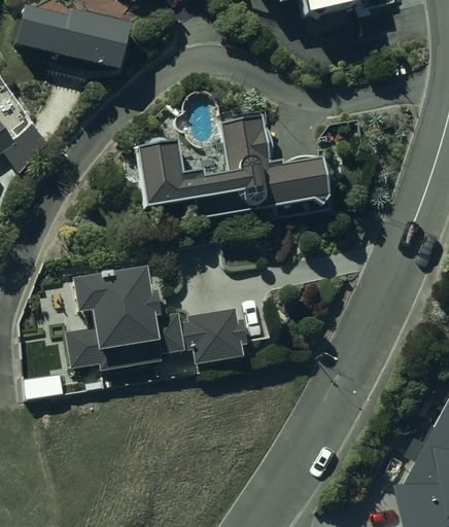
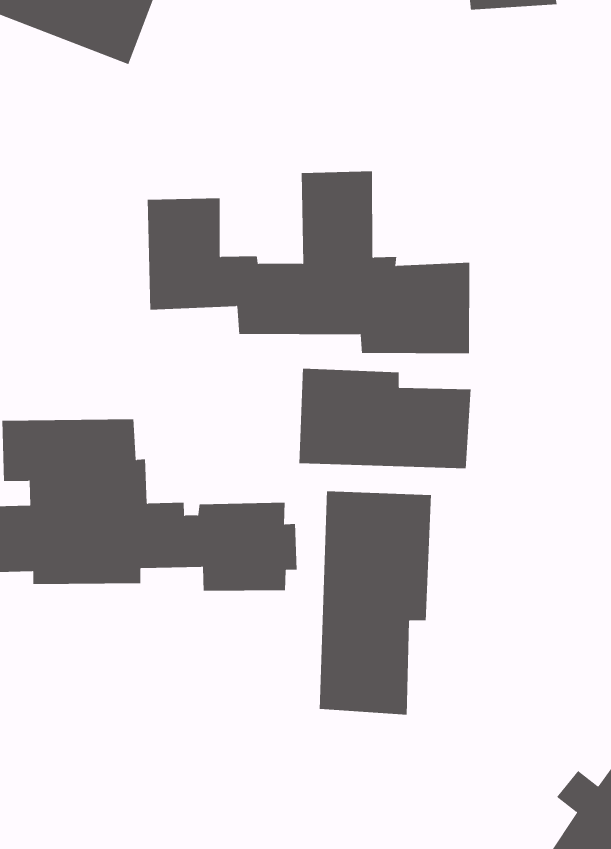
building: none -> [299,368,471,469]
building: none -> [319,491,431,715]

